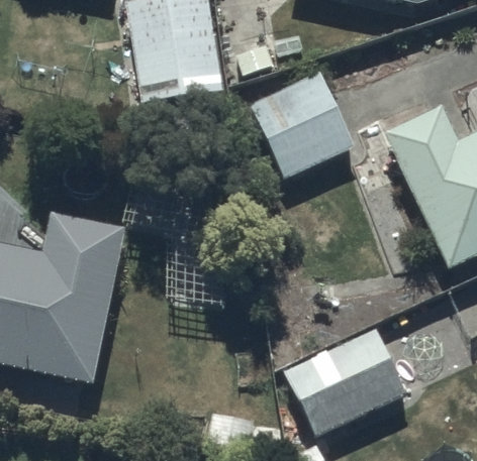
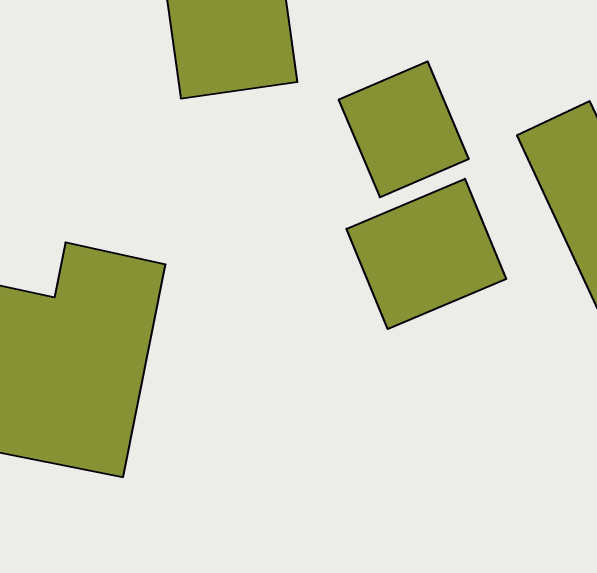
building: none -> [346,179,506,329]
building: [282,328,403,440] -> none

